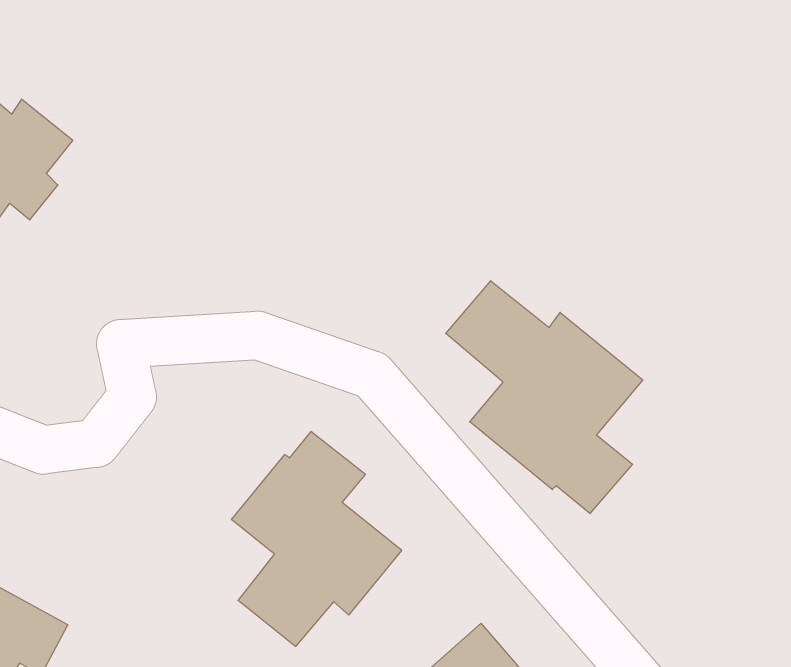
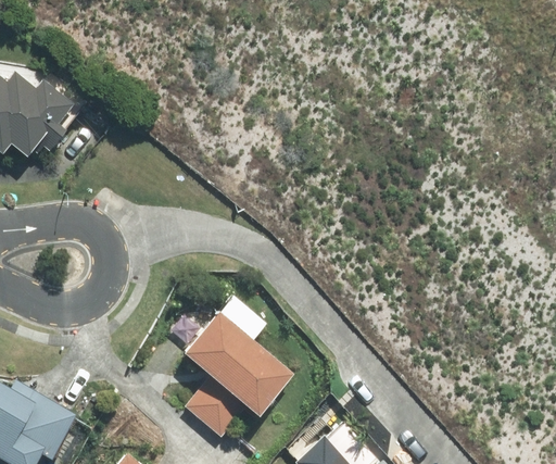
building: [446,281,643,514] -> none

